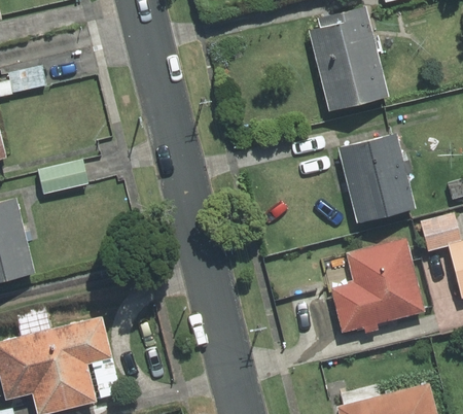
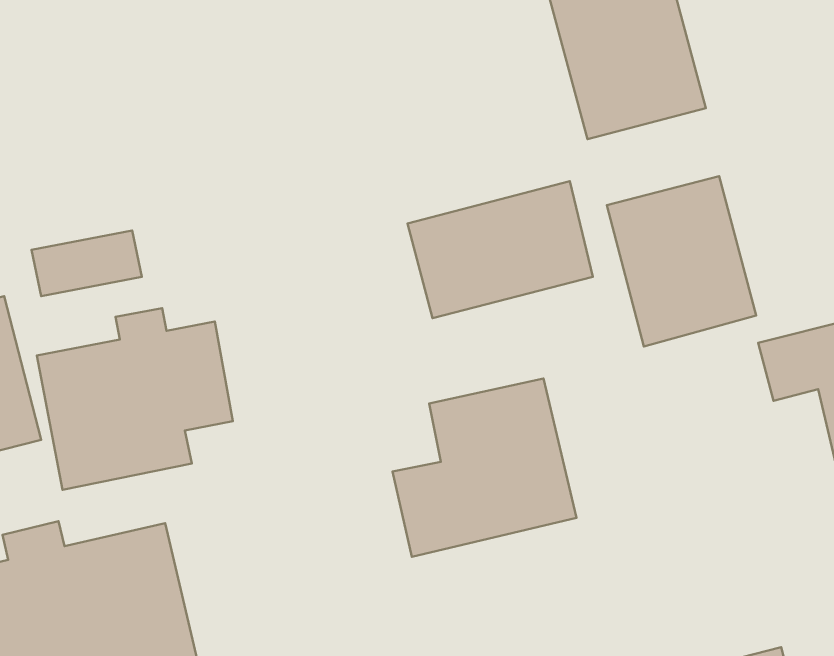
building: none -> [408,181,593,318]
building: none -> [37,308,233,490]
building: [326,238,424,333] -> [392,378,577,557]

